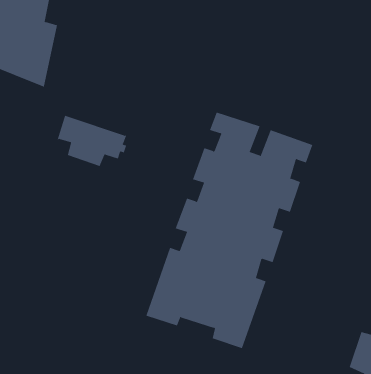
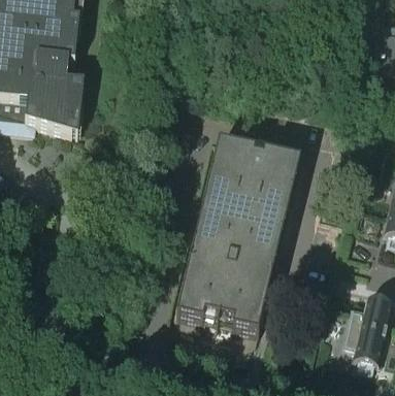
building: [57,114,127,167] -> none

